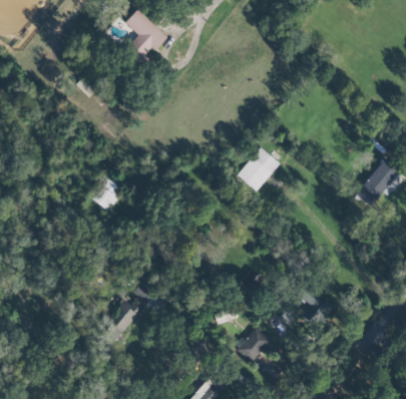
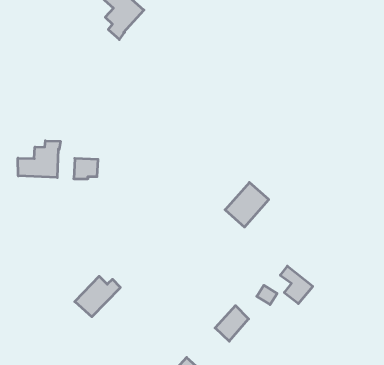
building: [237,147,280,191] -> [225,182,269,227]
building: [356,159,399,207] -> none
building: none -> [18,141,60,178]

